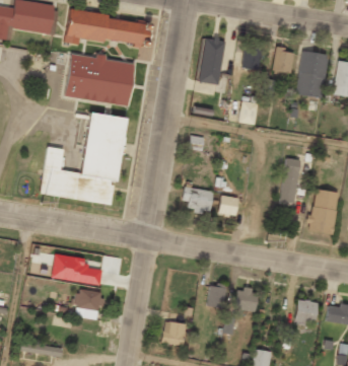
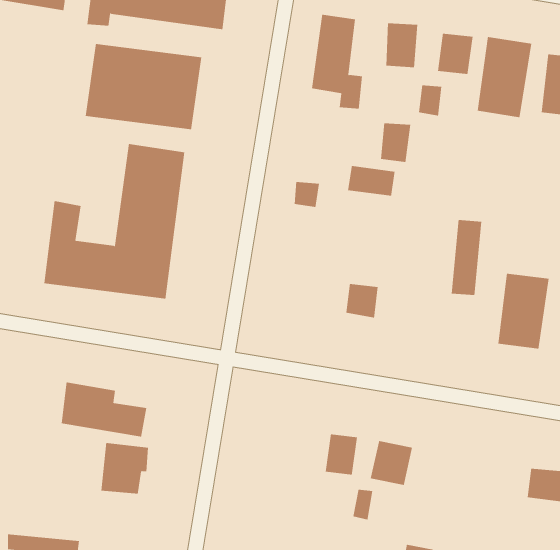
building: none -> [348,165,395,197]
building: [182,187,213,213] -> none
building: [295,300,318,326] -> none
building: [162,321,186,345] -> none

